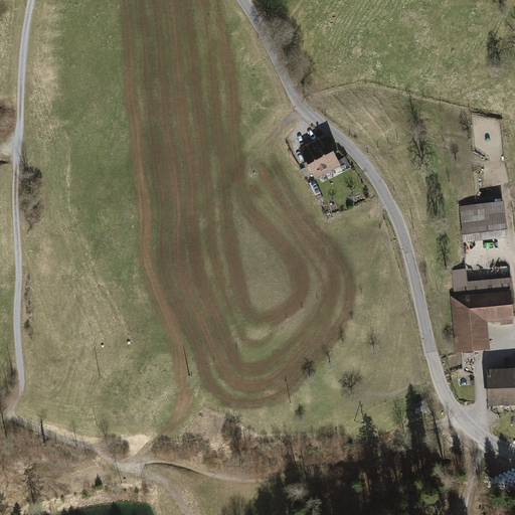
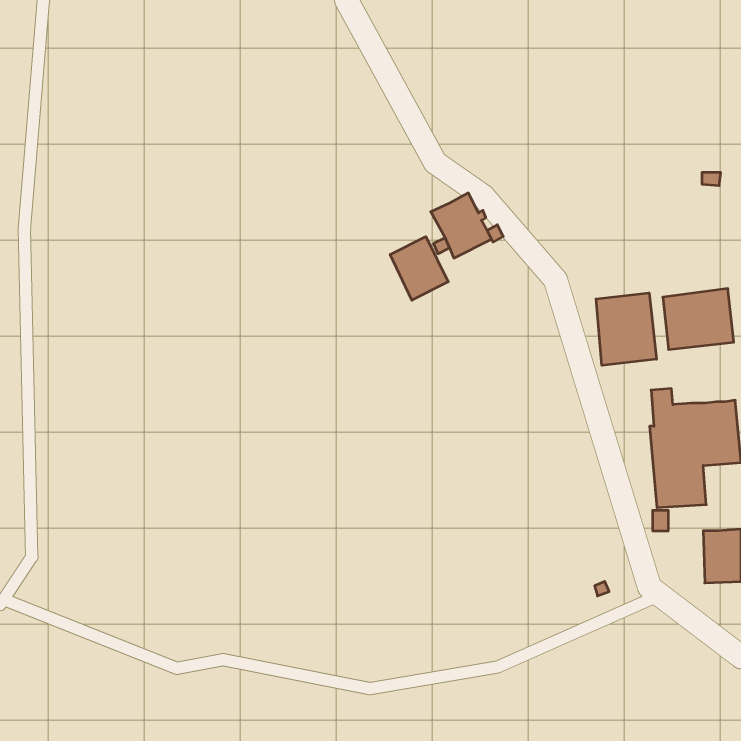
building: none -> [390,237,448,300]
building: none -> [596,293,656,365]

